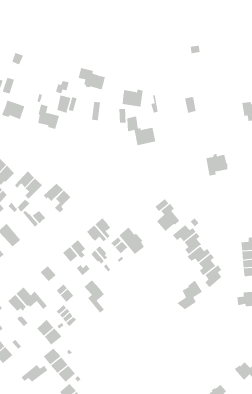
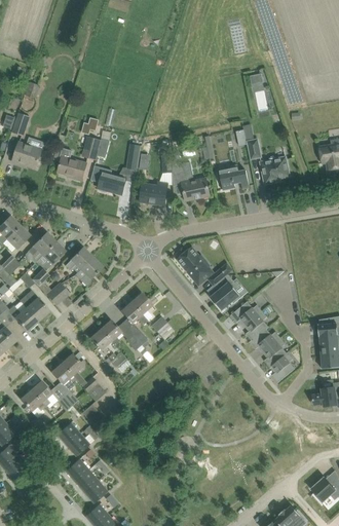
building: [78,68,106,90] -> [90,165,126,194]
building: [122,89,144,107] -> [140,181,167,204]
building: none -> [218,165,249,189]
building: [206,153,228,176] -> [260,155,289,184]
building: none -> [18,289,48,321]
building: [118,227,145,255] -> [178,247,212,283]
building: [84,280,105,313] -> [50,362,77,405]
building: [176,280,203,310] -> none
building: [20,363,48,383] -> none

